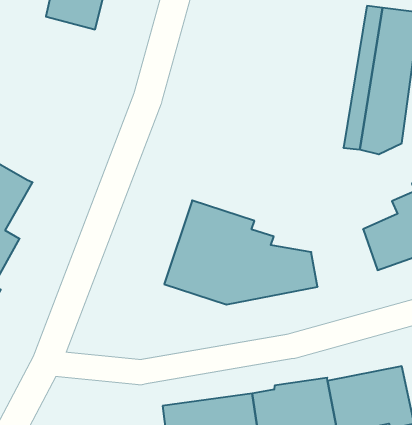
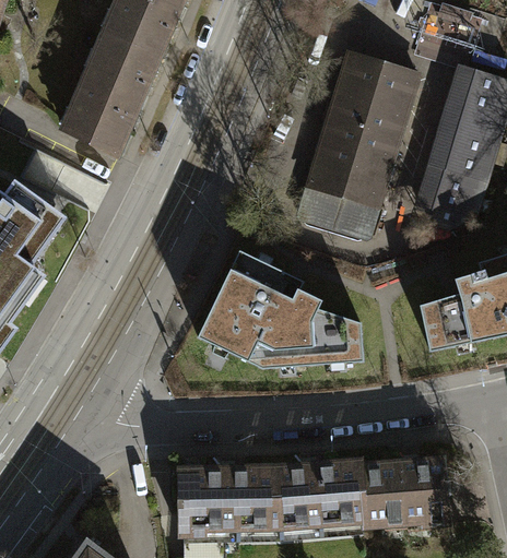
building: none -> [298,54,417,238]
building: none -> [64,34,158,156]

